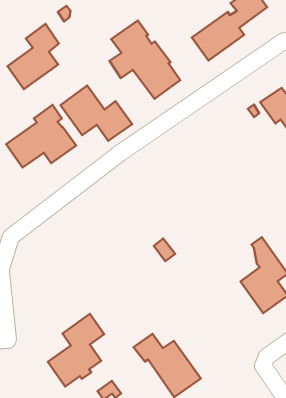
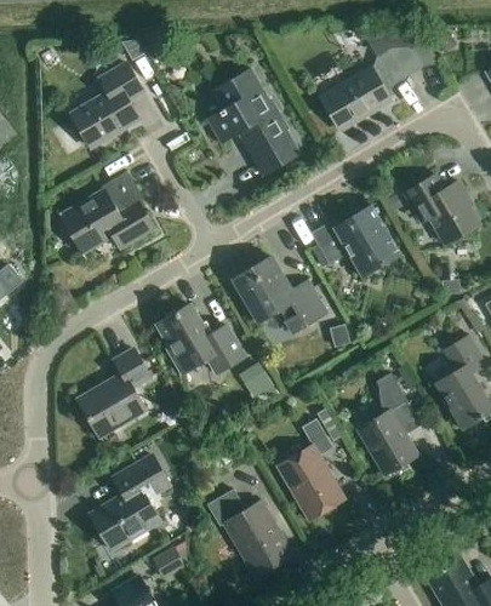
building: [61,86,132,141] -> [233,256,326,332]
building: none -> [310,205,400,276]
building: none -> [156,304,245,373]
building: none -> [78,348,150,435]
building: none -> [276,417,344,519]

